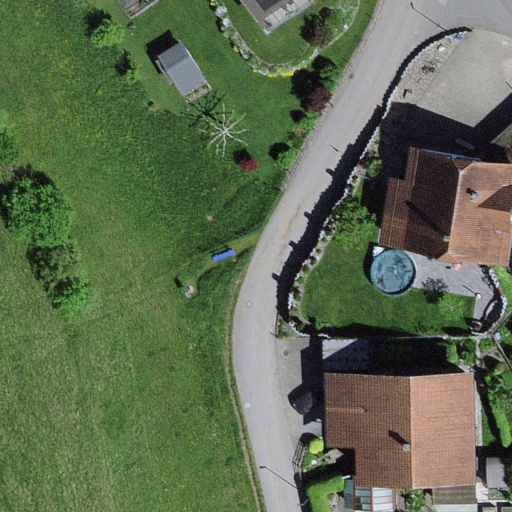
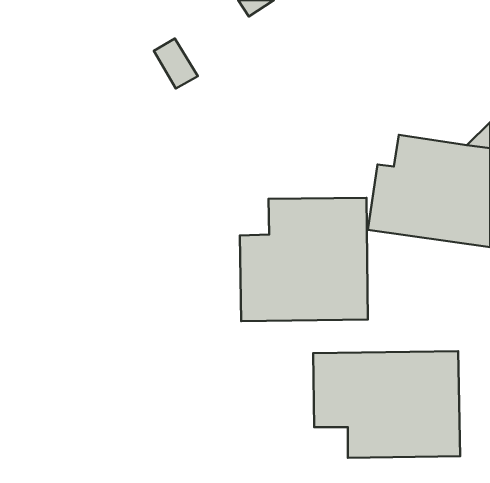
building: none -> [240,198,368,321]

